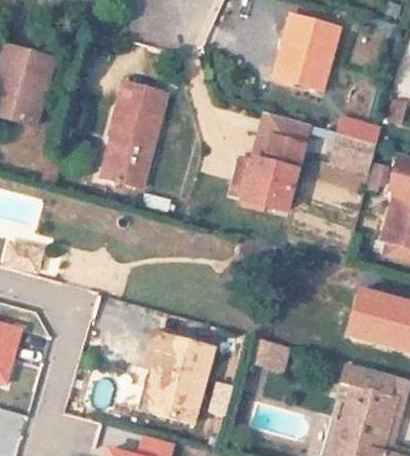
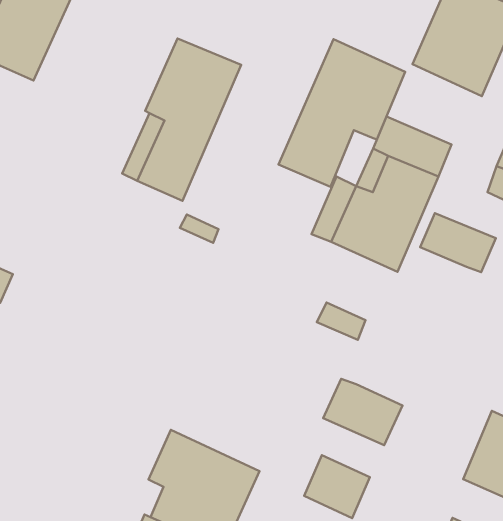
building: none -> [278,39,405,187]
building: none -> [420,213,496,272]
building: none -> [323,379,402,445]

